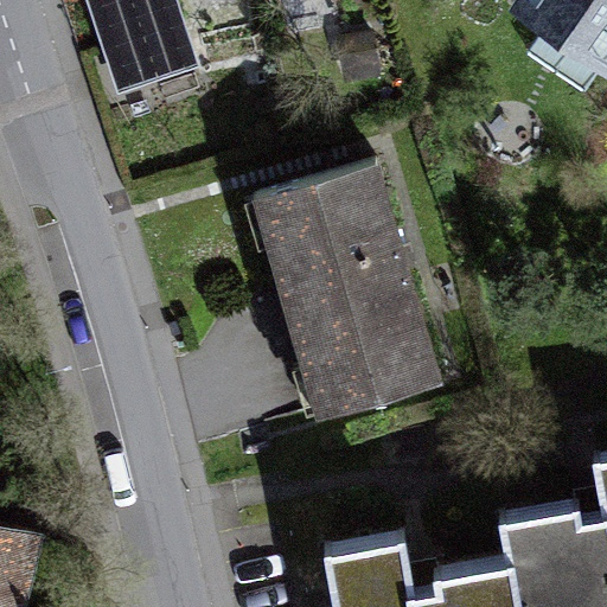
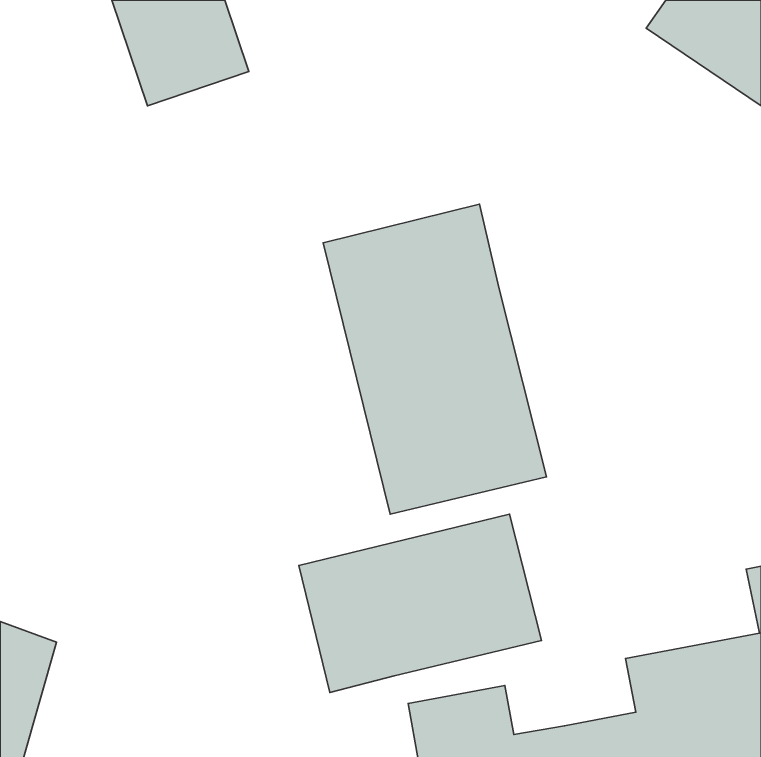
building: none -> [299,514,542,693]

